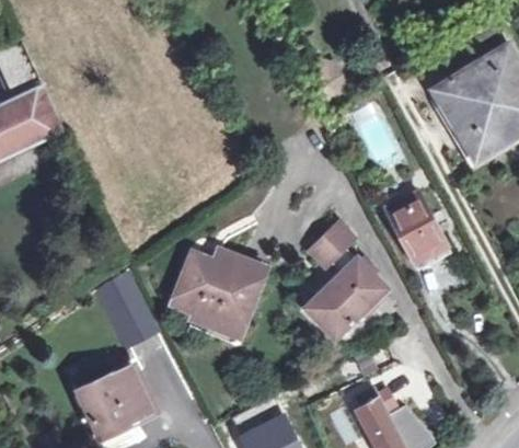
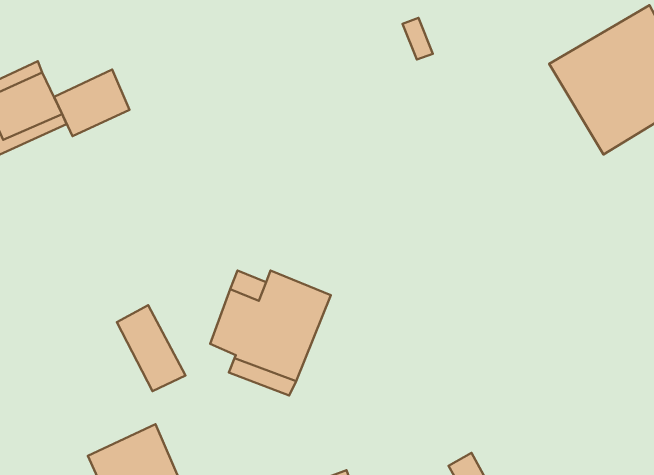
building: none -> [54,69,129,136]
building: [383,191,447,265] -> none
building: [304,223,384,337] -> none

